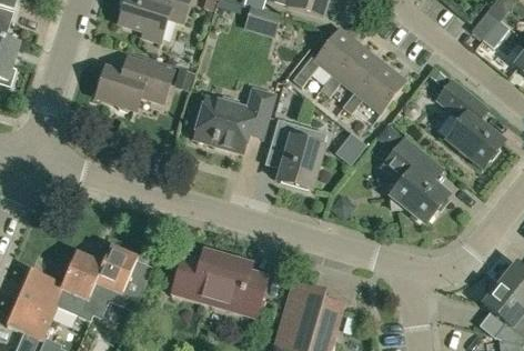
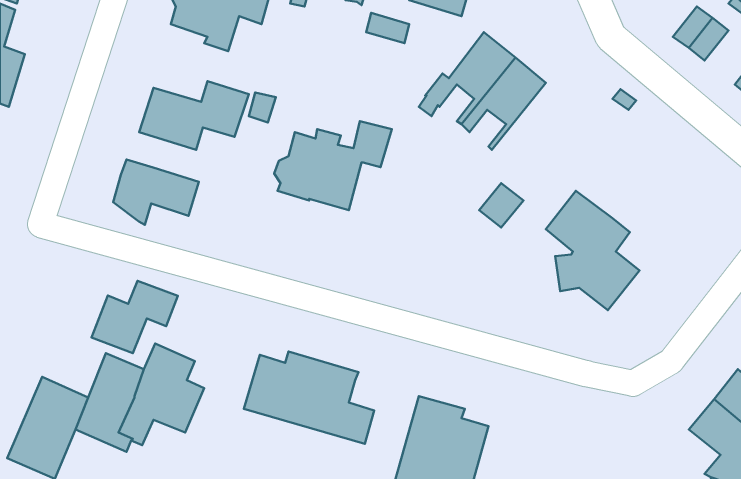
building: [344,62,405,113] -> none
building: [436,79,503,166] -> none
building: none -> [113,160,199,225]
building: [271,120,325,188] -> none
building: none -> [91,281,178,353]

